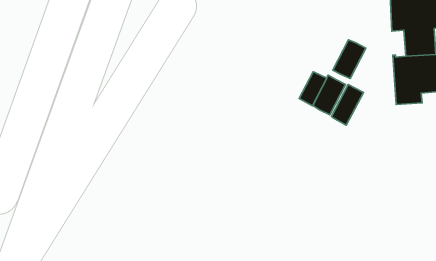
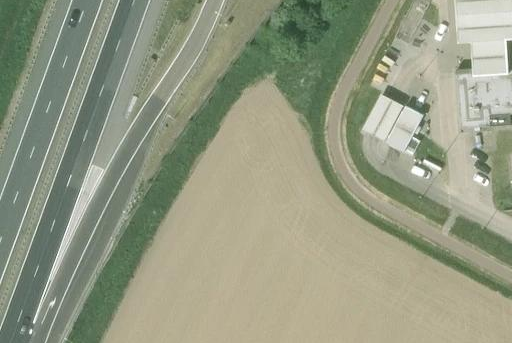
building: [333,40,366,79] -> none
building: [299,72,327,106] -> none

